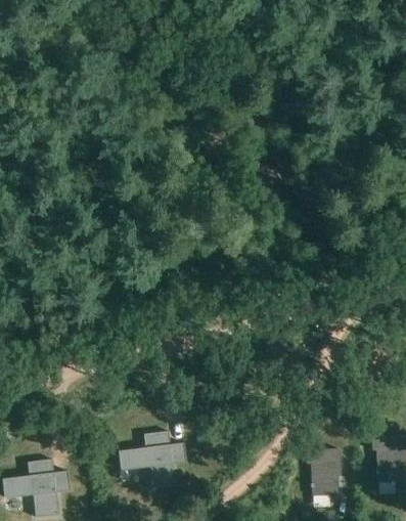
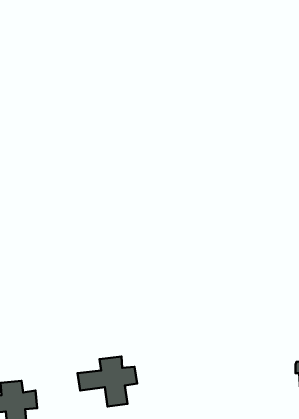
building: [305,448,342,496] -> none

